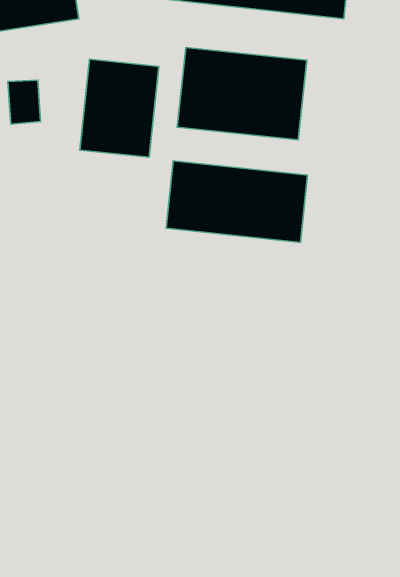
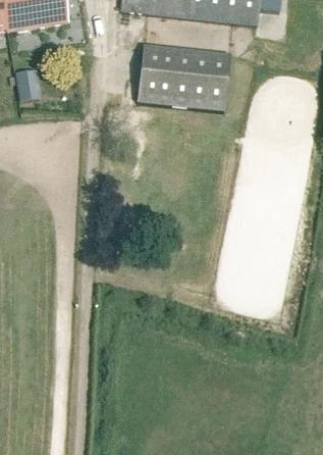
building: [80,59,159,157] -> none
building: [166,161,308,243] -> none

